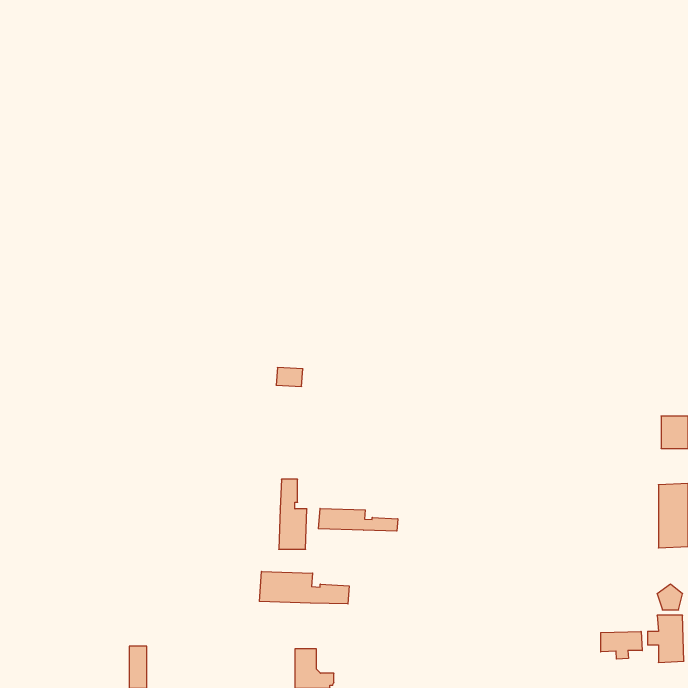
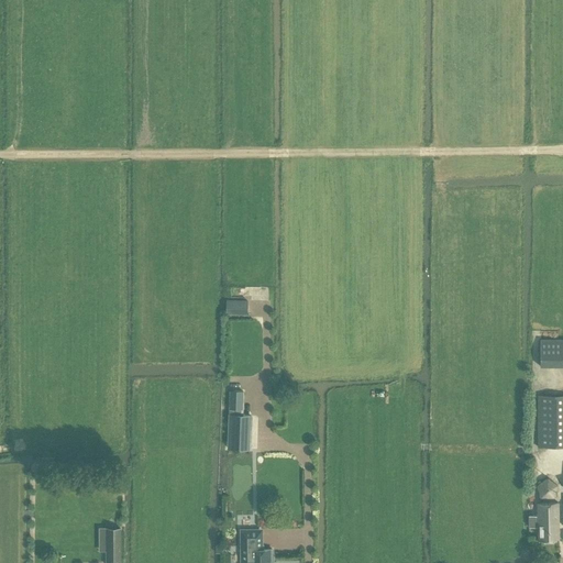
building: [318,508,398,531] -> none
building: [259,571,349,604] -> none
building: [601,631,642,659] -> none

